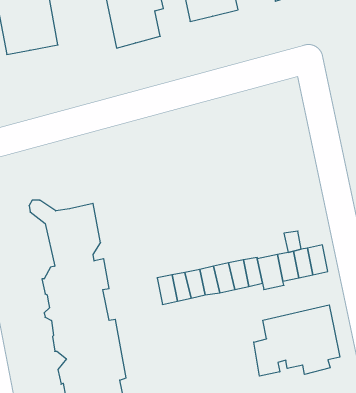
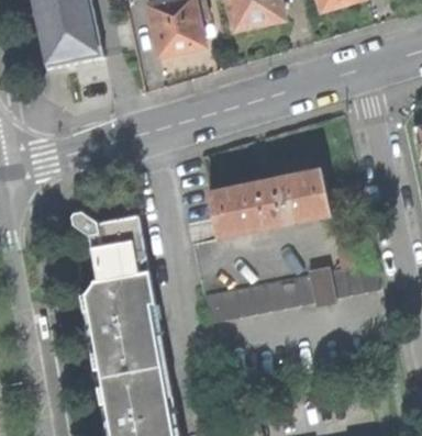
building: none -> [207,170,327,237]
building: [254,305,340,376] -> none

